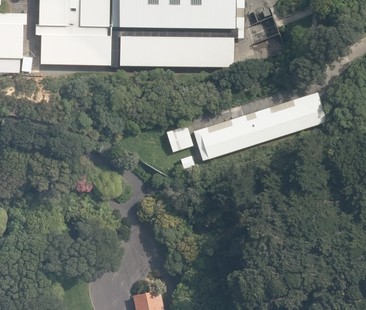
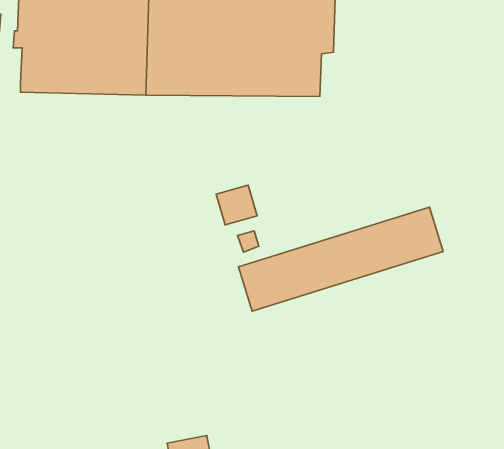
building: [192,92,326,160] -> [239,207,443,311]

